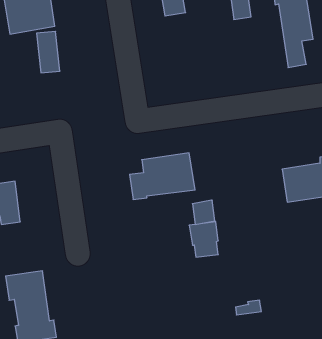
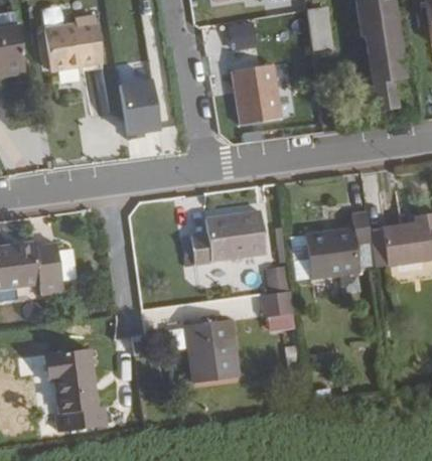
building: none -> [233,63,282,124]
building: none -> [123,82,164,138]
building: none -> [290,210,376,279]
building: none -> [186,317,240,381]

